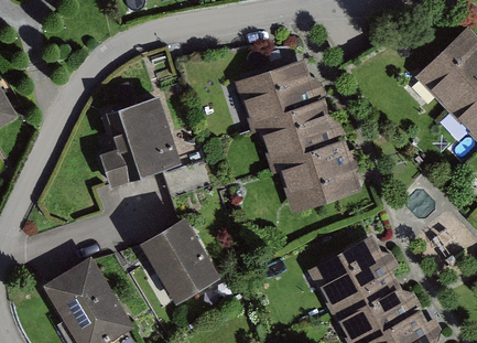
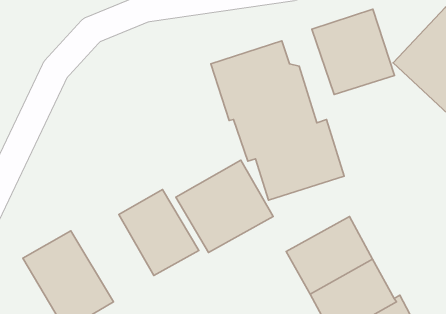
building: none -> [312,9,395,95]
building: [97,90,185,191] -> none
building: none -> [176,160,273,253]

